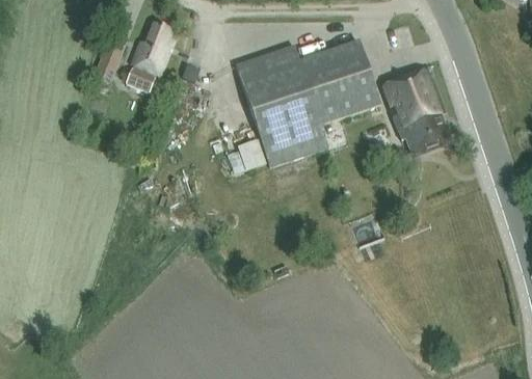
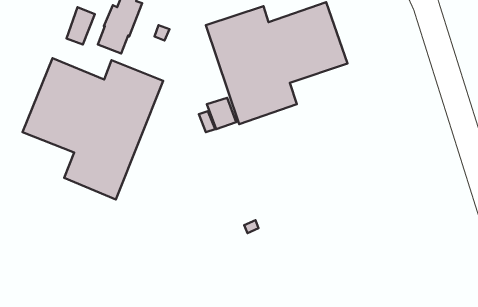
building: [380,65,450,154] -> none
building: none -> [22,58,163,200]

